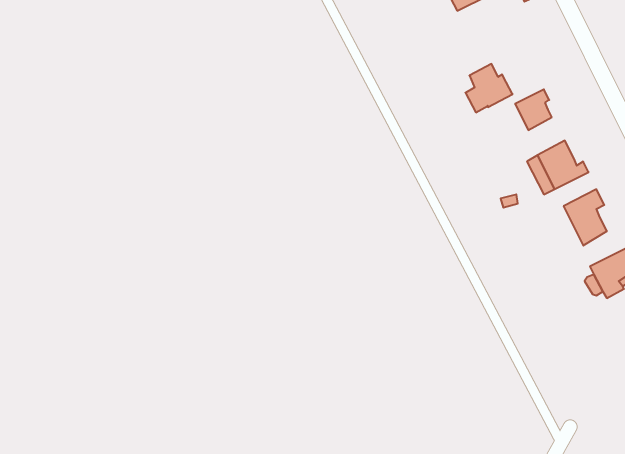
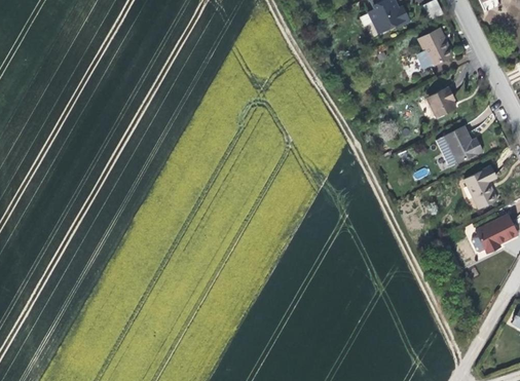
building: [465,64,513,112] -> [414,31,451,69]

